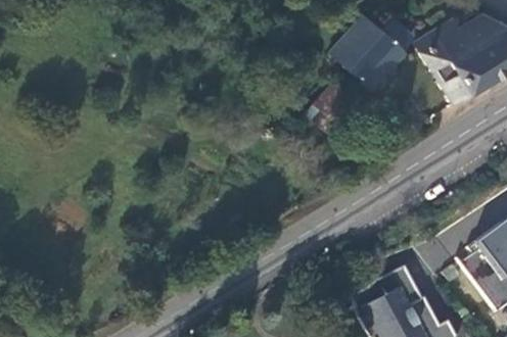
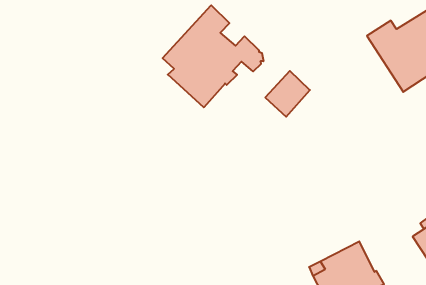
building: none -> [163,5,263,107]
building: [331,15,414,89] -> none

